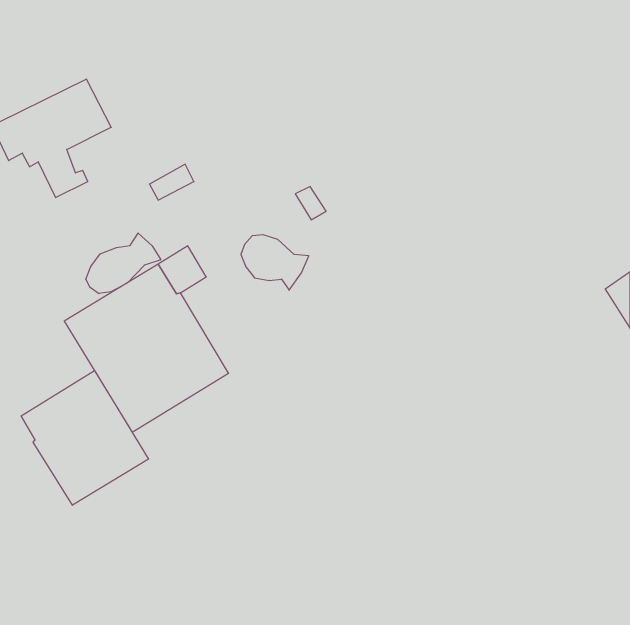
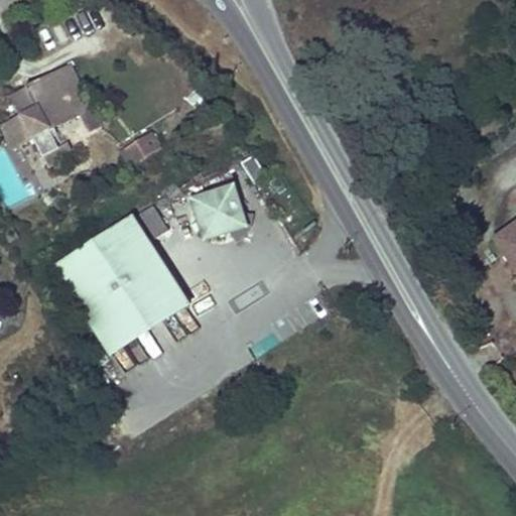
building: [86,233,161,294] -> none
building: [21,371,149,505] -> none

